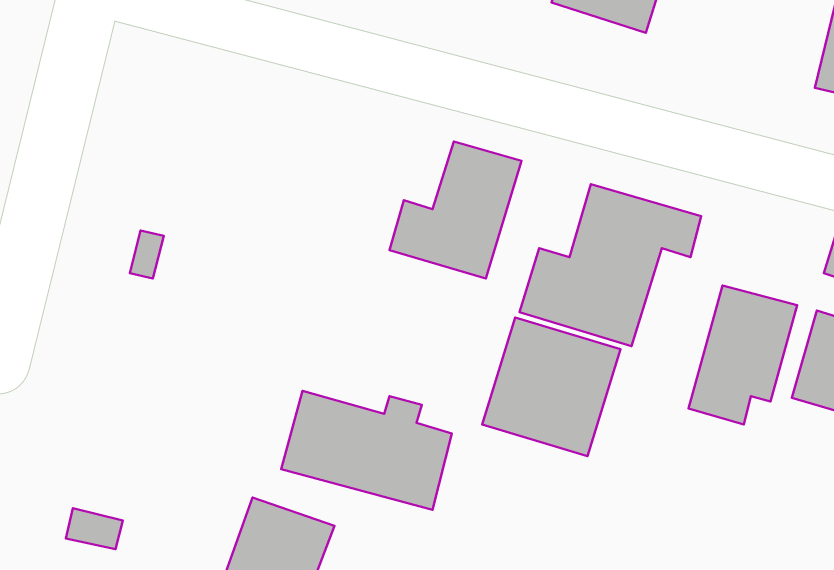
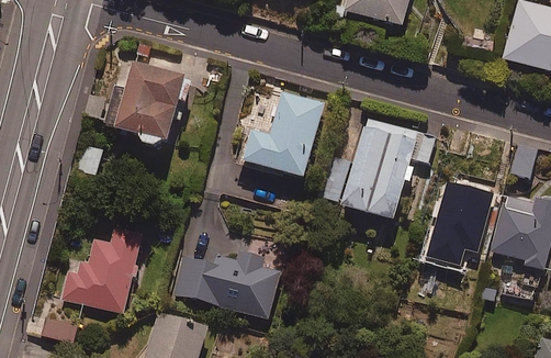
building: none -> [108,65,193,147]
building: [482,317,621,456] -> none
building: none -> [61,225,143,313]

